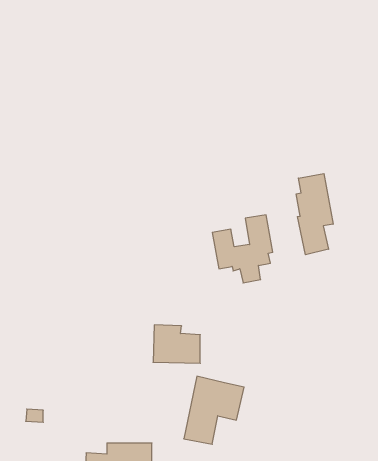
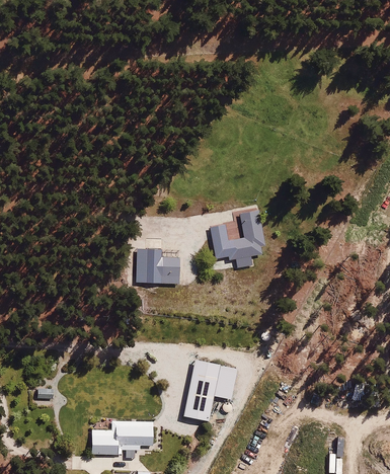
building: [296,174,333,255] -> none
building: [153,325,200,363] -> [136,248,179,284]

